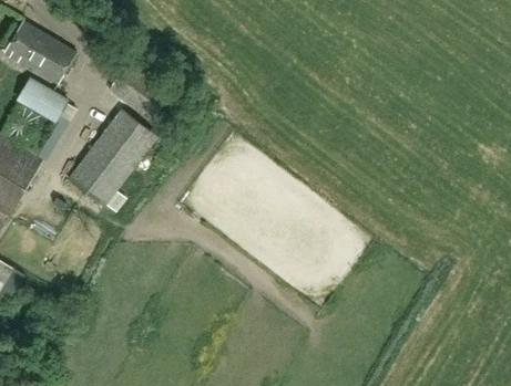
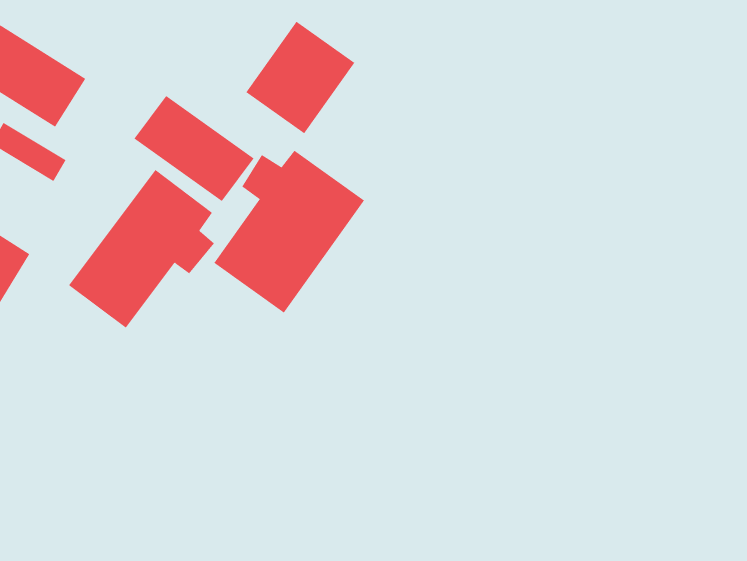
building: none -> [245,21,355,134]
building: none -> [213,150,365,314]

